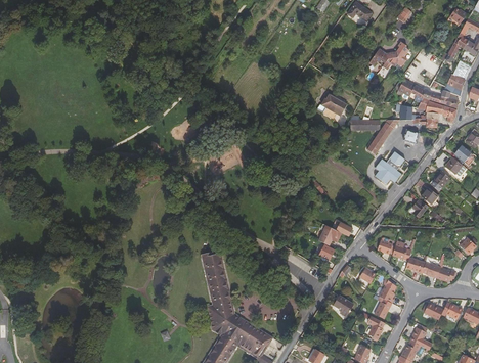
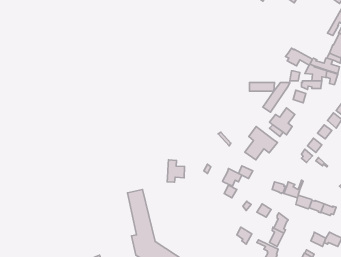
building: [368,42,408,70] -> none
building: [320,93,346,119] -> none
building: none -> [245,127,277,160]
building: none -> [167,160,185,182]

